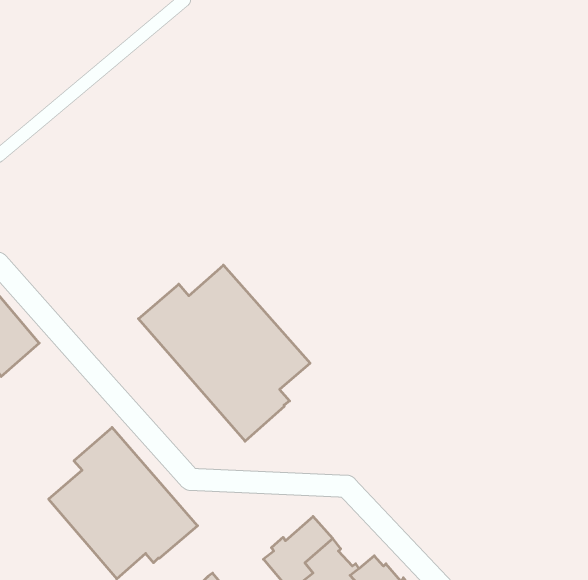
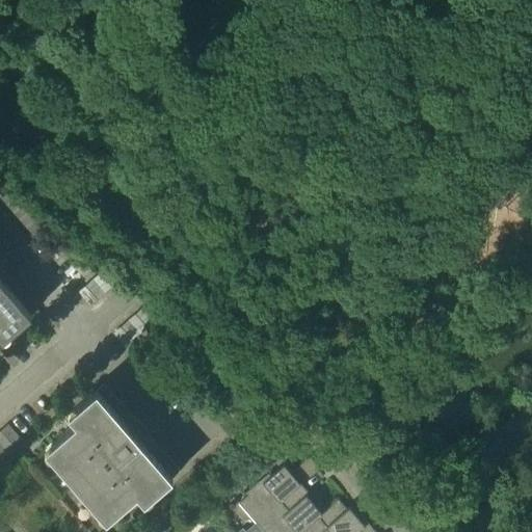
building: [138,265,310,441] -> none

